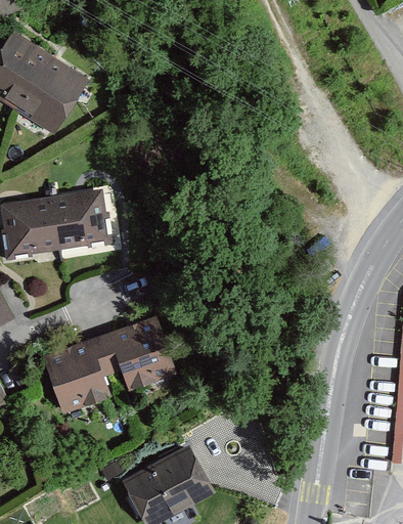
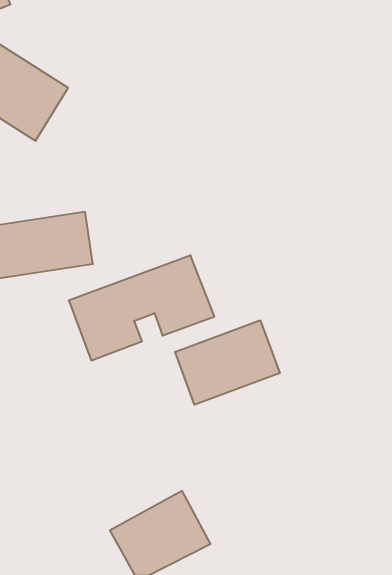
building: none -> [175,320,280,405]
building: [43,317,175,412] -> [69,255,214,360]

